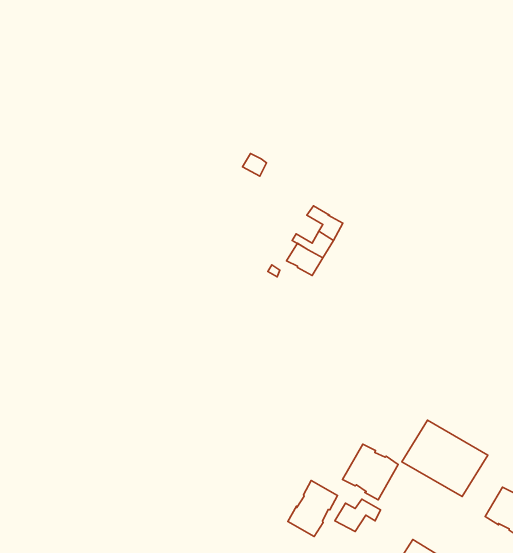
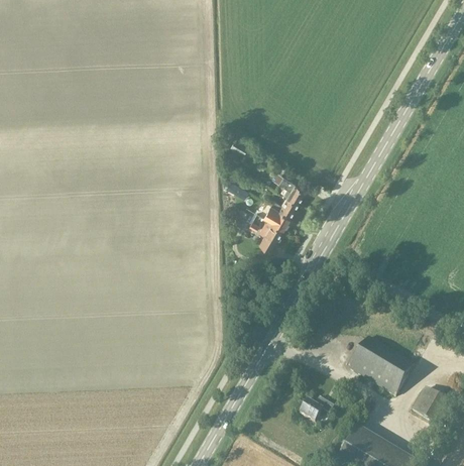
building: none -> [257,217,280,247]
building: [343,444,398,500] -> none
building: [288,480,337,537] -> none

